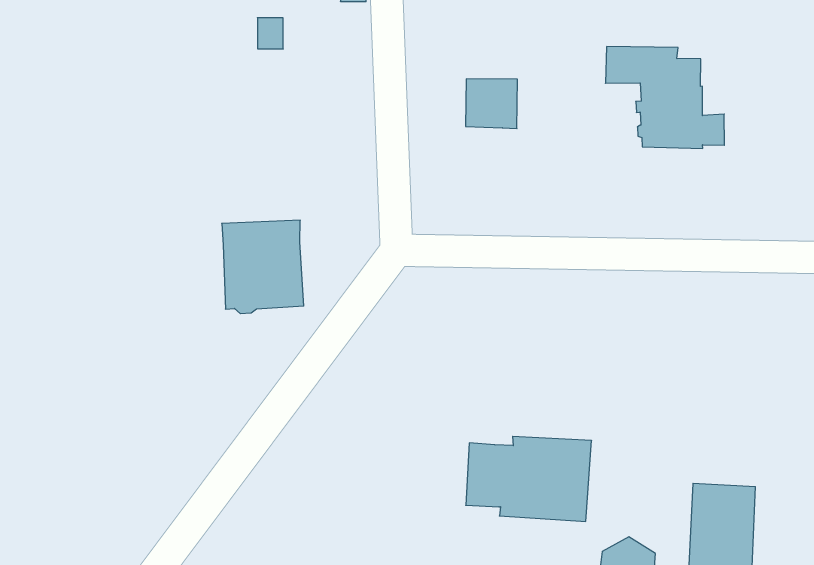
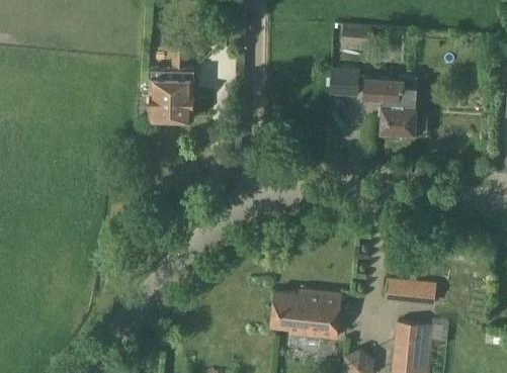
building: [466,79,517,129] -> [330,68,360,97]
building: [222,220,304,314] -> [150,70,194,120]
building: none -> [386,281,436,304]

